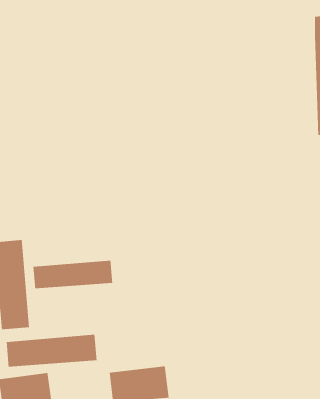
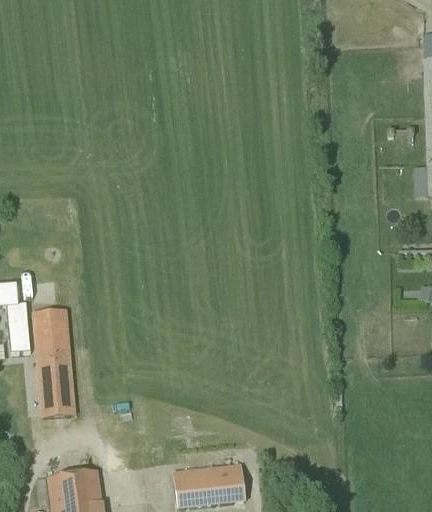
building: [33,260,113,289] -> none
building: [6,334,97,367] -> none

